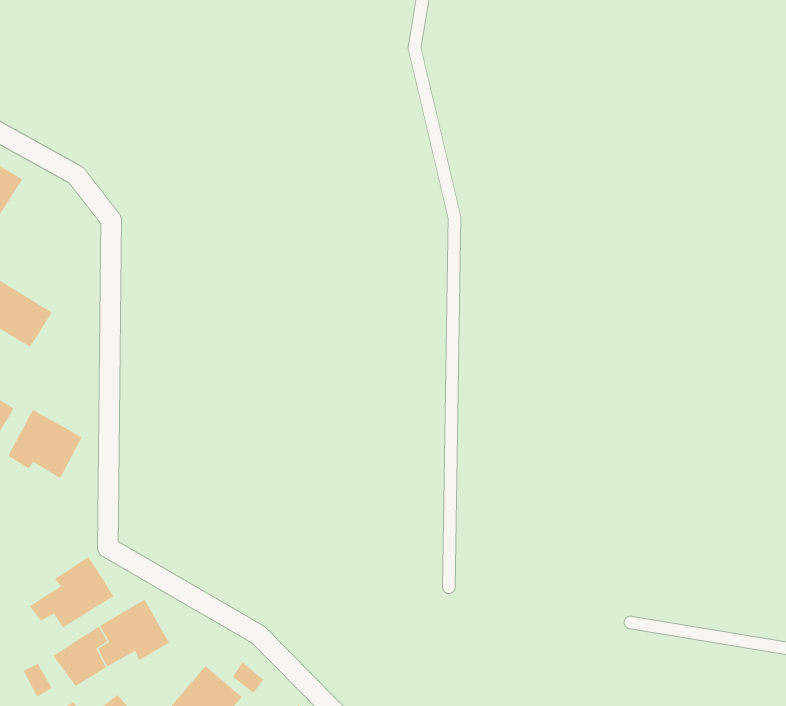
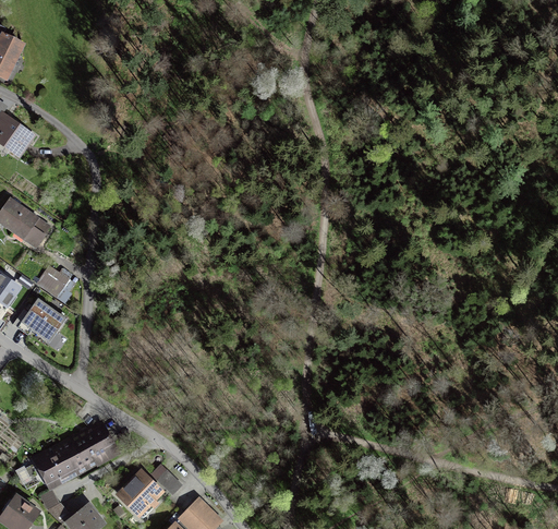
building: none -> [39,267,71,299]
building: [29,556,114,628] -> none

